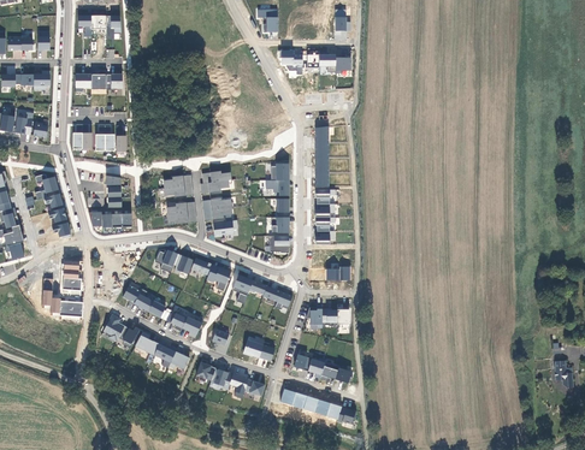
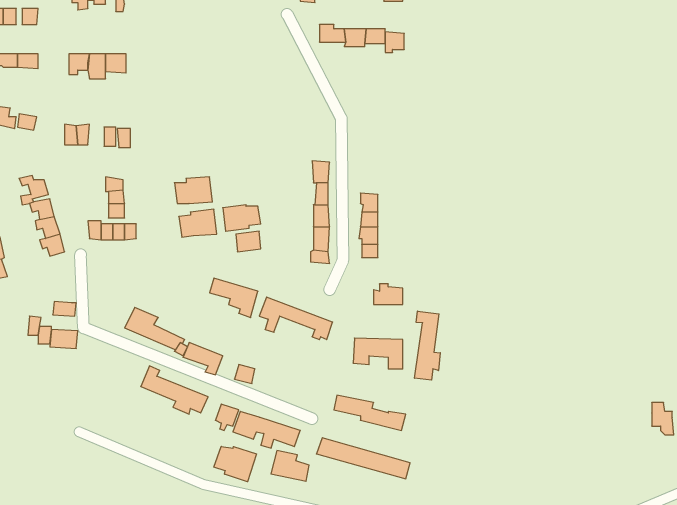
building: [199,171,230,194] -> none
building: [154,250,193,274] -> none
building: none -> [415,311,440,380]
building: [101,314,138,348] -> none
building: [242,336,273,361] -> [271,451,309,481]
building: none -> [214,446,256,482]

